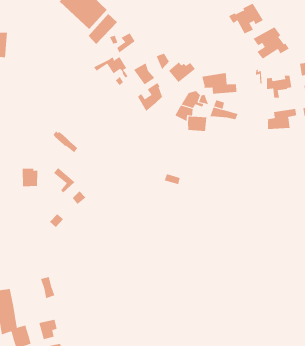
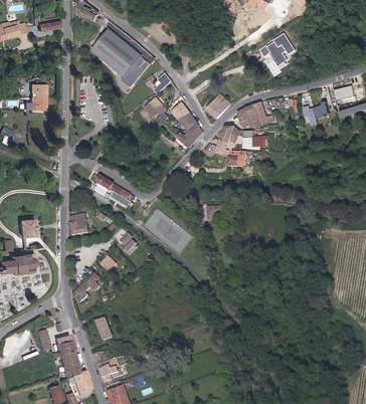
building: [253,26,289,59] -> none
building: [267,108,297,130] -> none
building: none -> [72,273,103,302]

